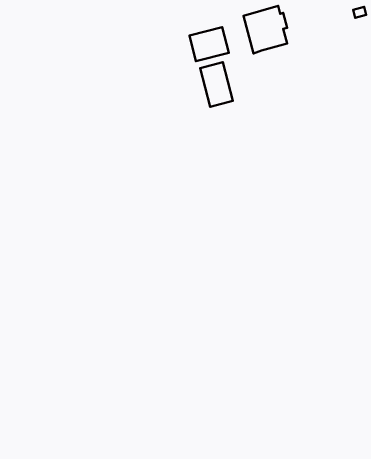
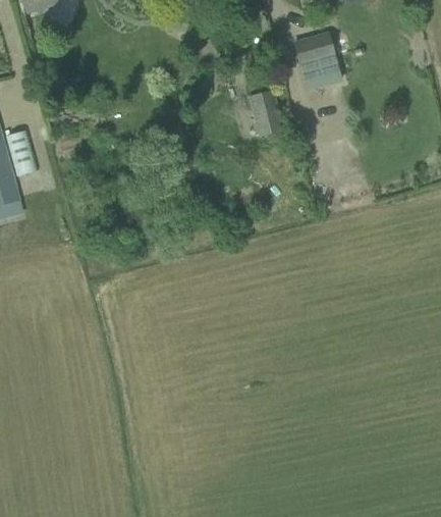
building: [189,27,229,61] -> none

